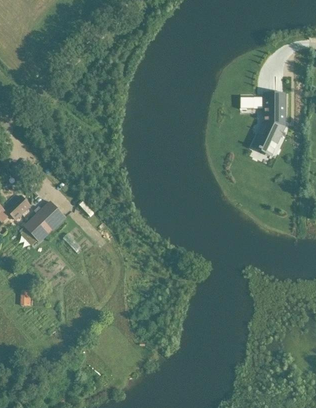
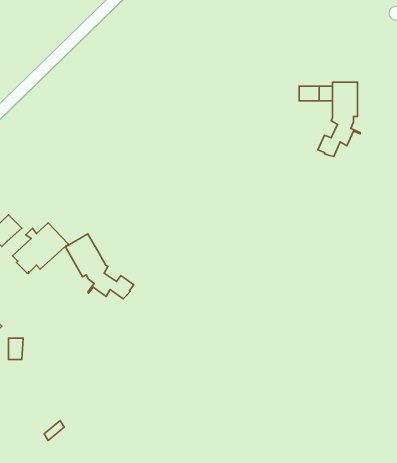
building: none -> [66,234,134,299]

